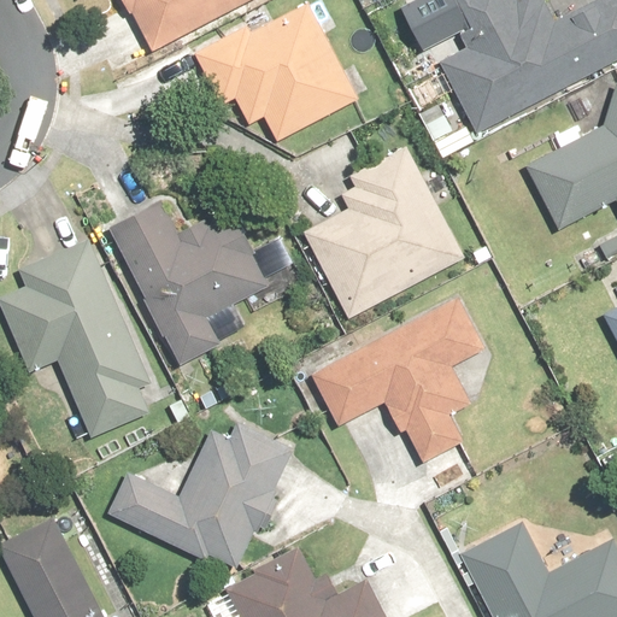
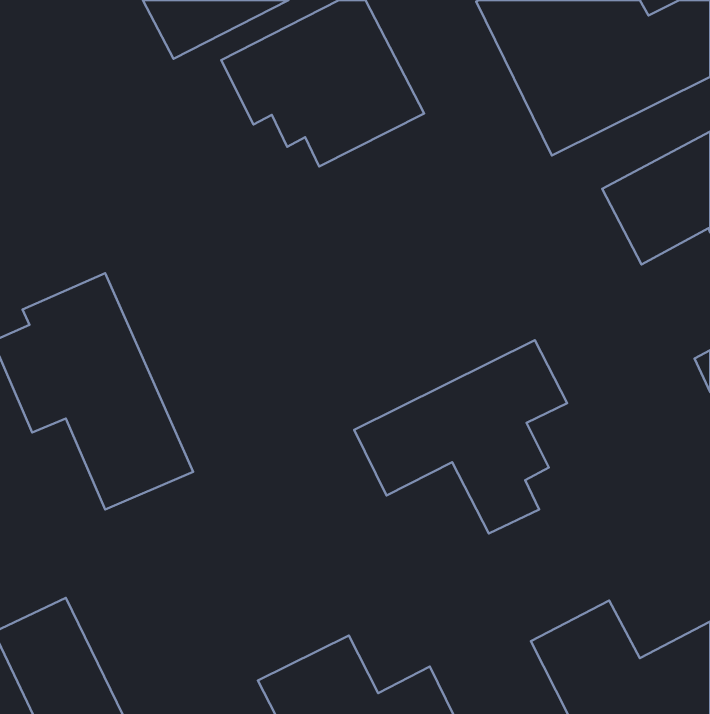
building: [300,141,474,322] -> none
building: [110,198,277,365] -> none
building: [107,413,295,570] -> none

